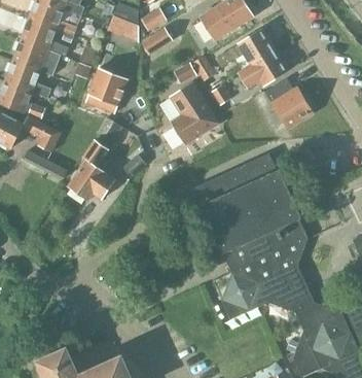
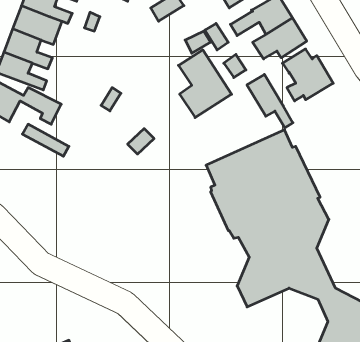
building: [84,67,126,112] -> none
building: none -> [247,74,293,128]
building: [67,140,114,200] -> none

